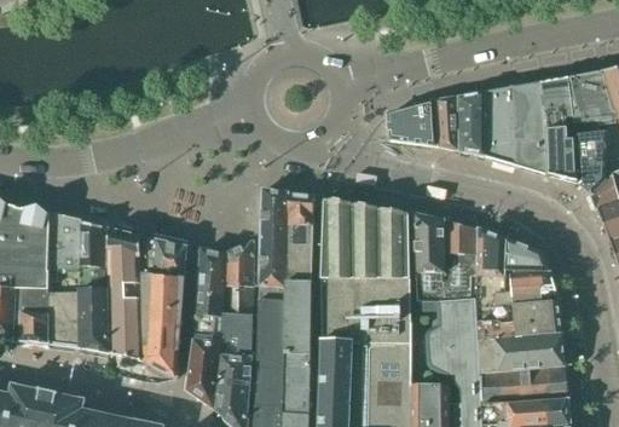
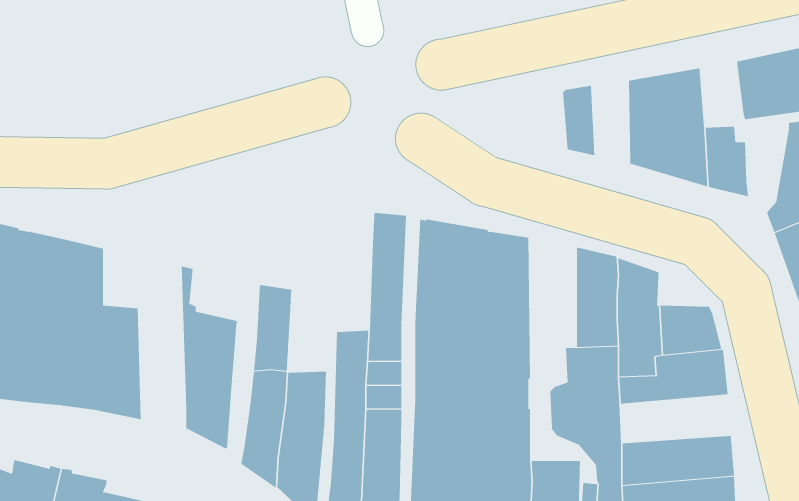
building: [540,76,573,127] -> none
building: [457,91,486,155] -> none
building: [387,98,438,144] -> none
building: [575,128,608,192] -> none
building: [260,187,289,284] -> none
building: [413,212,445,298] -> none
building: [81,220,144,359] -> none
building: [147,236,186,276] -> none
building: [508,238,548,265] -> none
building: [222,240,254,316] -> none
building: [479,333,565,370] -> none

